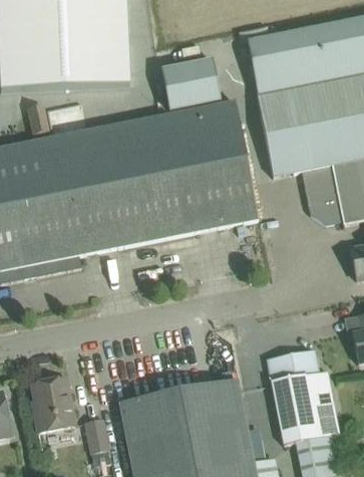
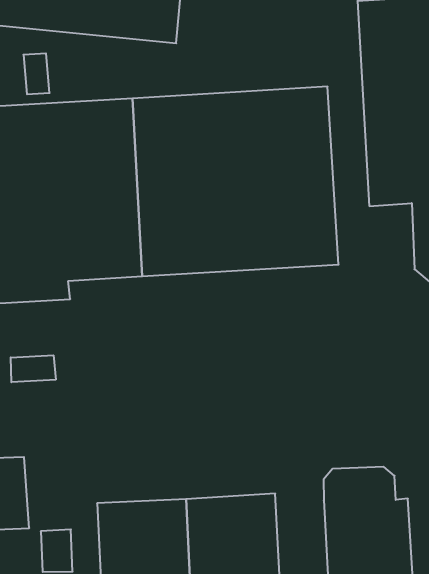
building: [160,56,221,110] -> none
building: none -> [11,355,56,382]

